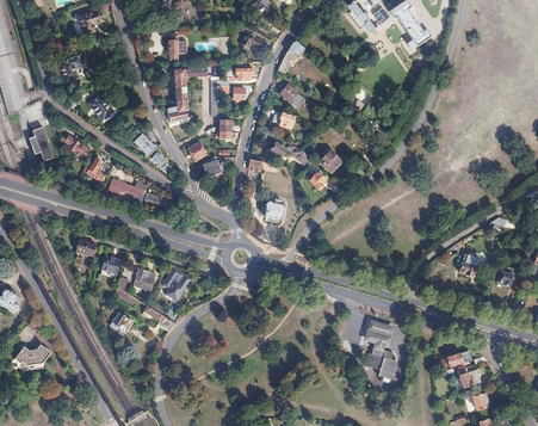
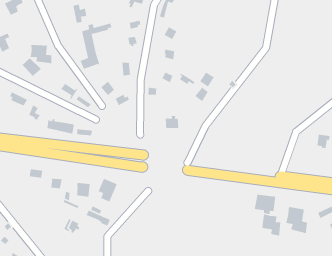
building: none -> [30,44,52,64]
building: none -> [285,206,308,234]

